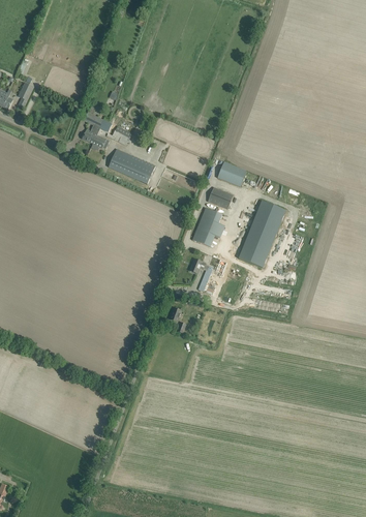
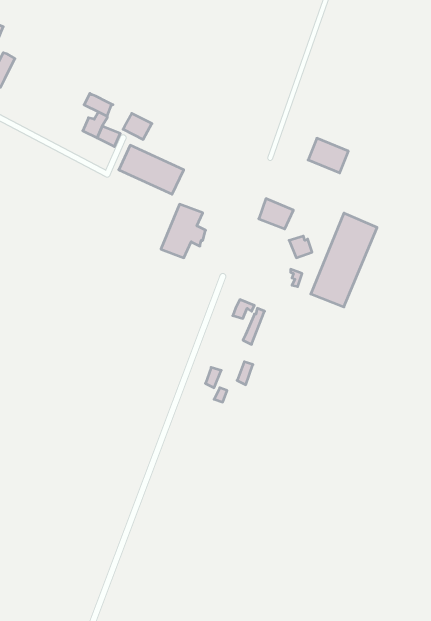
building: [217,161,246,186] -> [308,138,348,173]
building: [191,207,223,245] -> [161,204,206,258]

